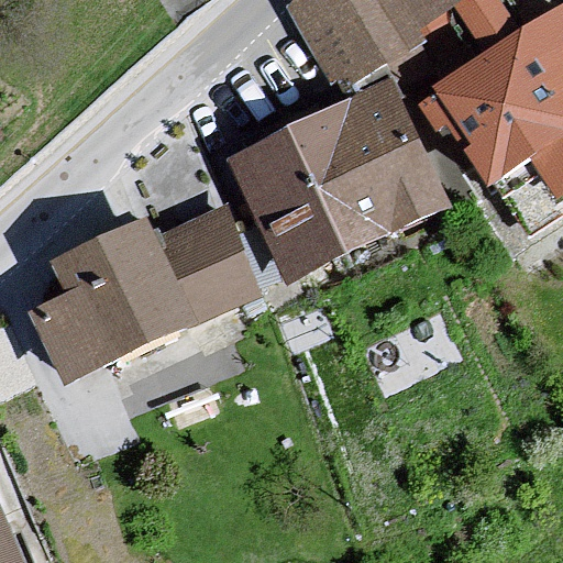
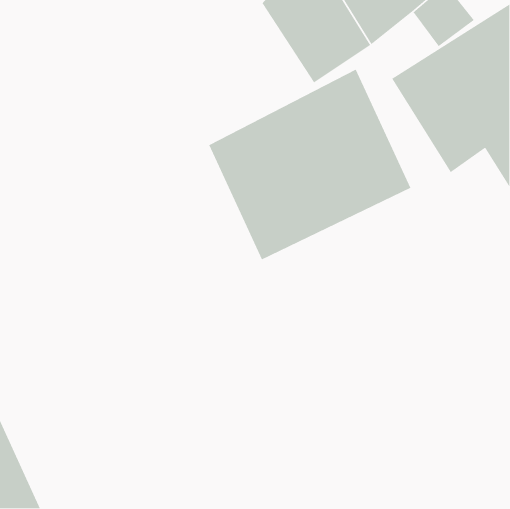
building: [27,199,260,383] -> none

